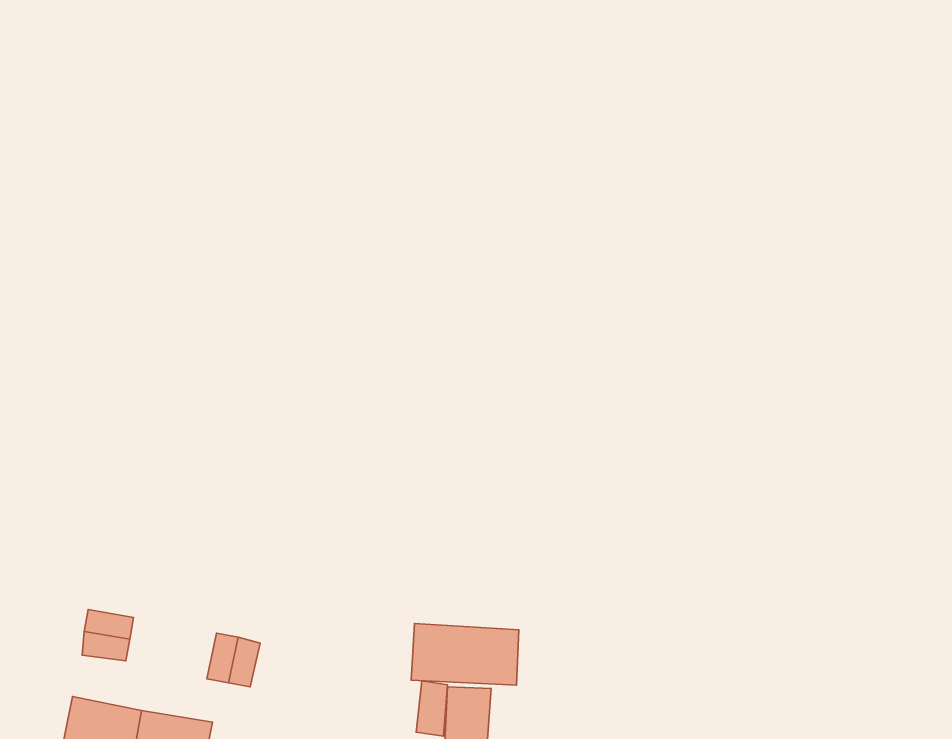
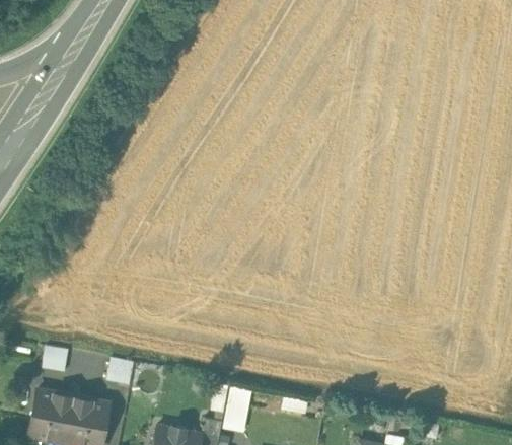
building: [411,623,519,685] -> none

